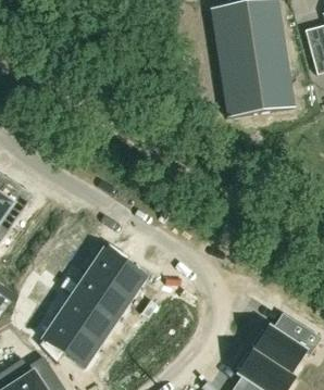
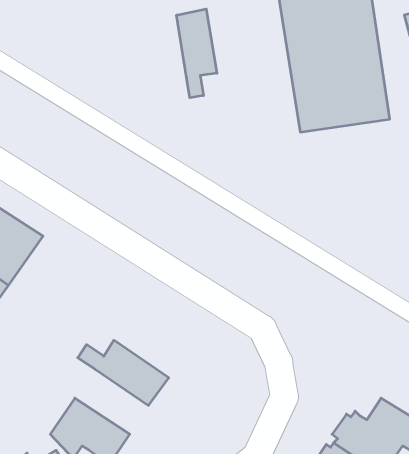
building: none -> [177,9,217,98]
building: [87,242,144,301] -> none
building: [58,294,113,343] -> none

